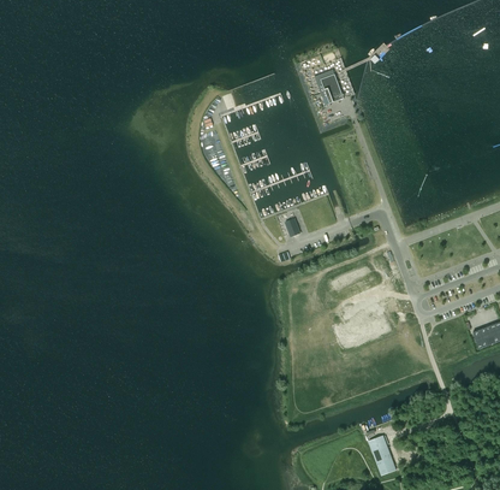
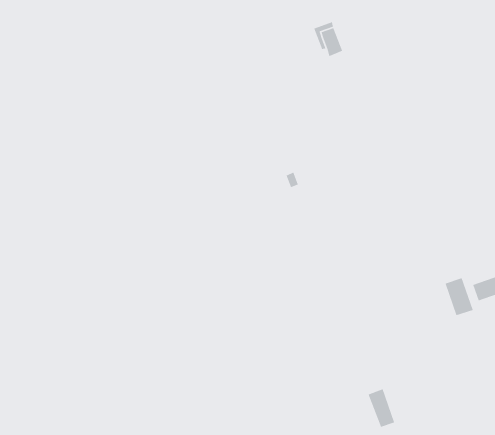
building: none -> [444,277,474,316]

